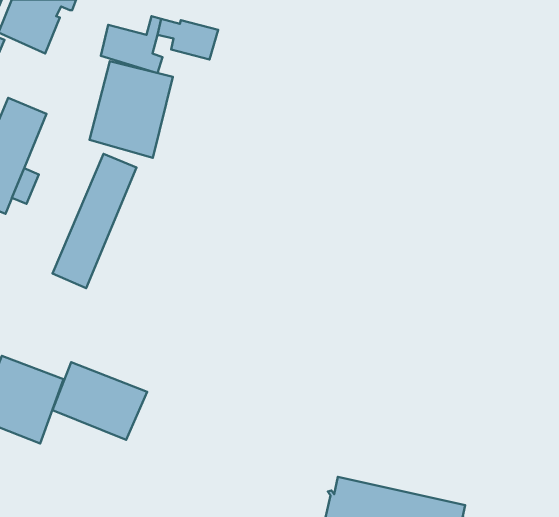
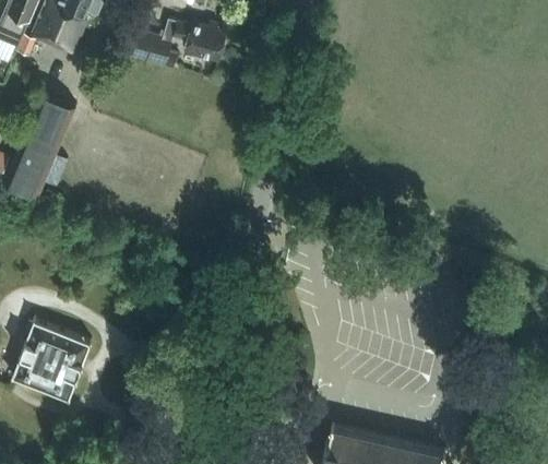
building: [90,61,173,158] -> none
building: [52,154,136,288] -> none
building: [52,362,147,440] -> none

